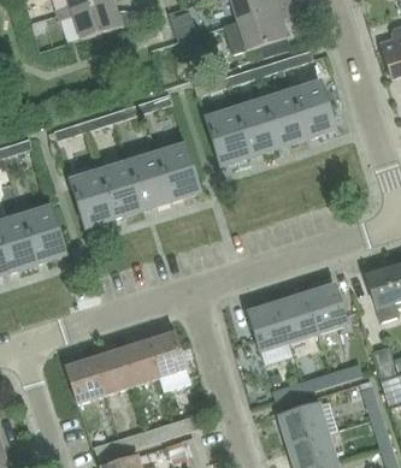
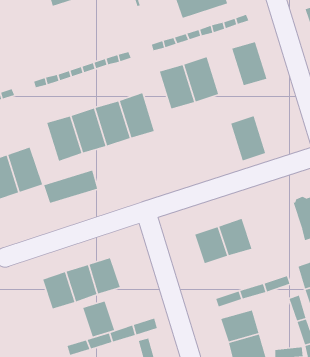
building: [263,90,306,146] -> [230,115,266,161]
building: none -> [43,170,98,204]
building: [305,284,346,331] -> none
building: [147,332,187,377] -> [82,300,115,338]

